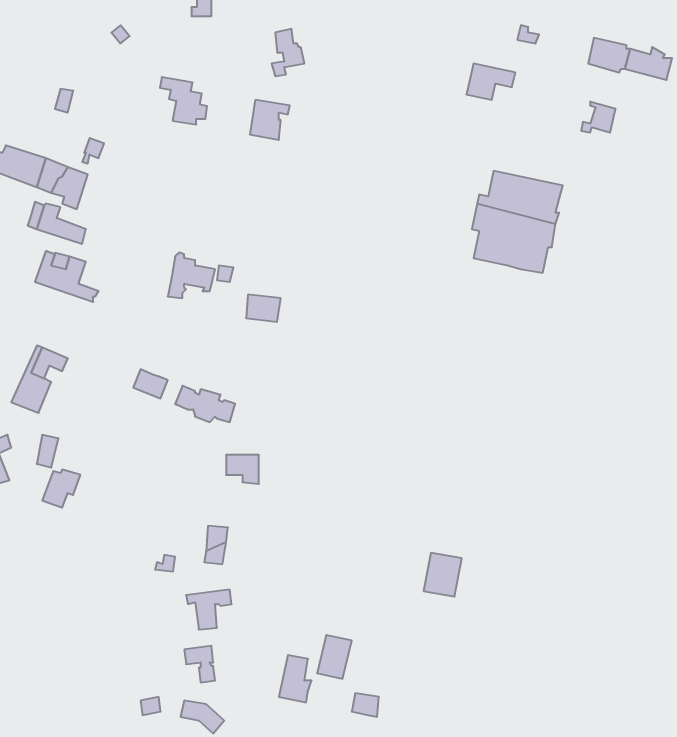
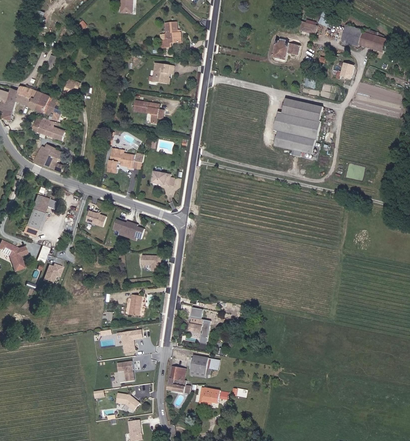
building: [160,77,207,124] -> [139,96,165,122]
building: [424,553,462,597] -> [189,309,210,333]

